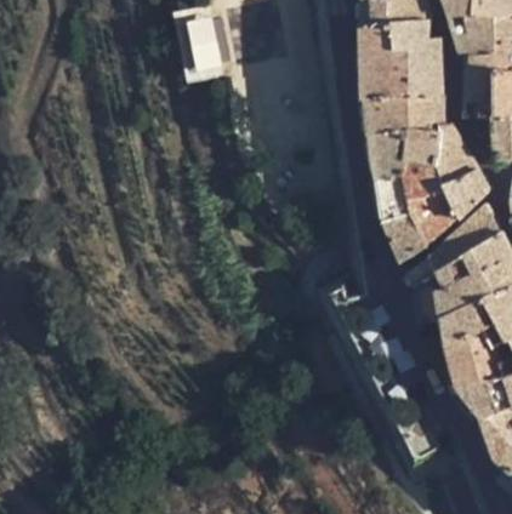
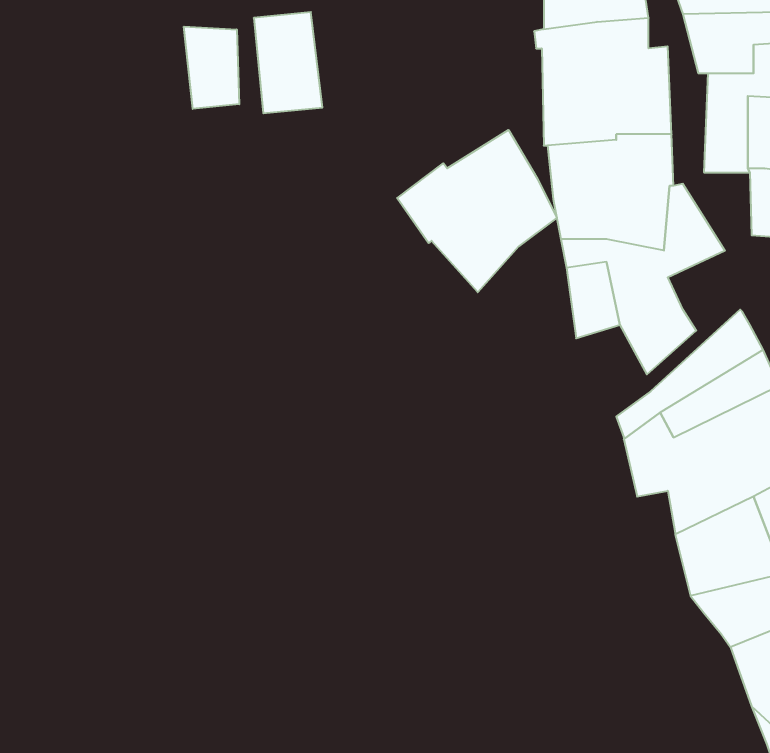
building: none -> [184,27,239,109]
building: none -> [397,130,557,292]
building: [440,167,487,218] -> none
building: [382,215,427,261] -> none

